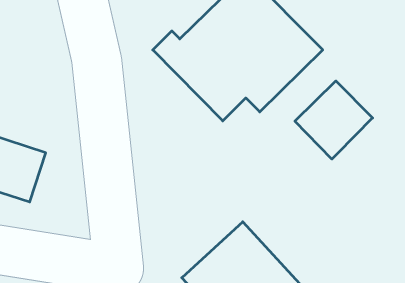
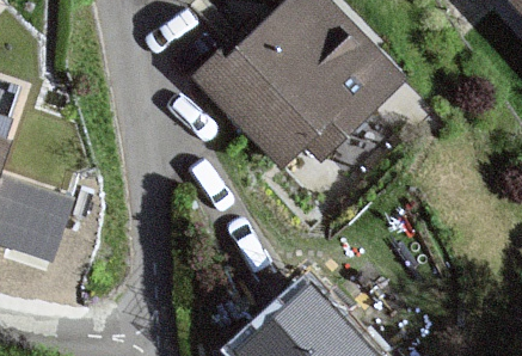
building: [295,81,373,159] -> none

